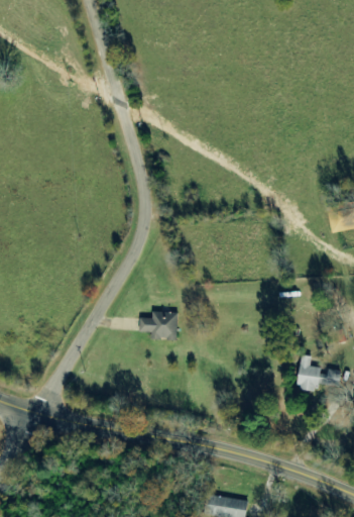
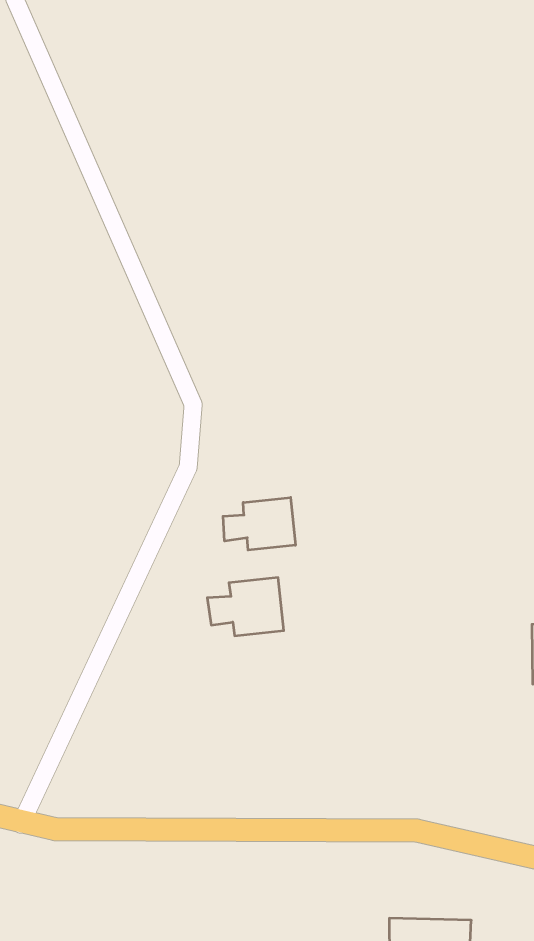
building: none -> [223,497,295,550]

